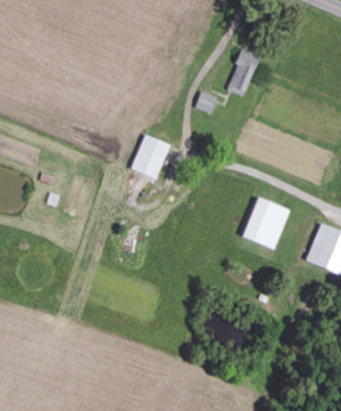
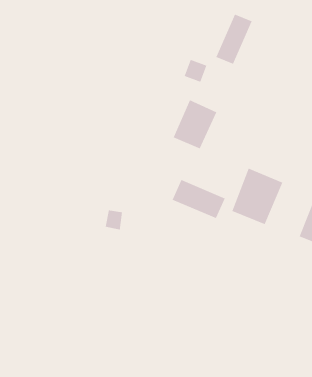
building: [129,133,172,180] -> [173,99,217,149]
building: none -> [172,179,226,219]

